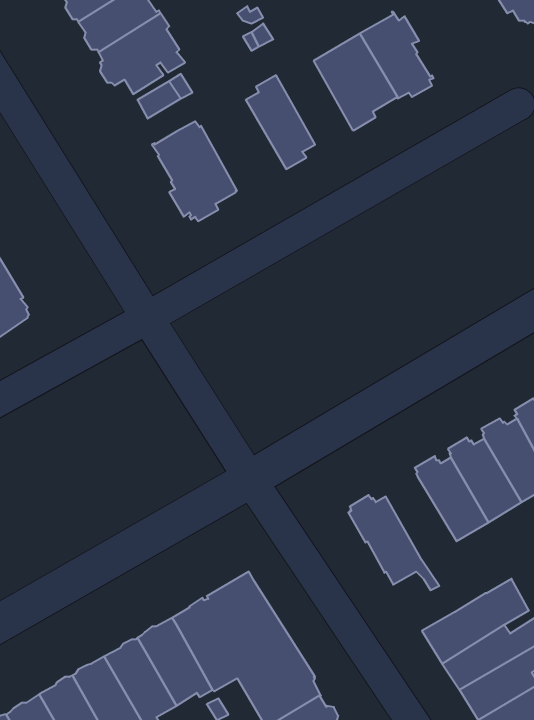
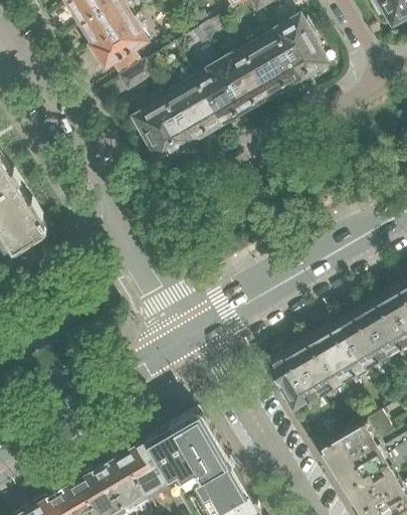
building: none -> [216,51,269,110]
building: none -> [164,78,223,142]
building: none -> [290,340,350,403]

